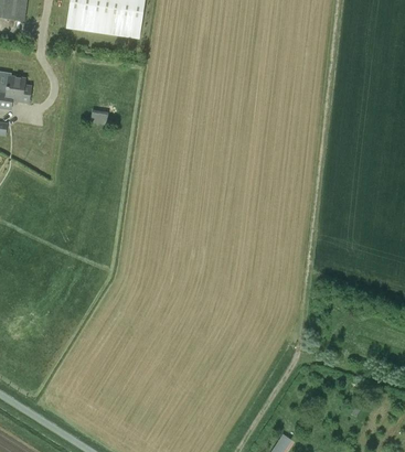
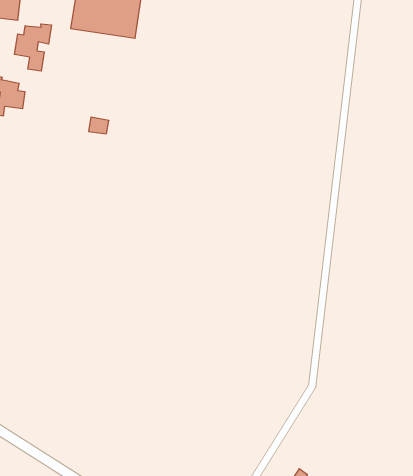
building: none -> [14,24,51,71]

